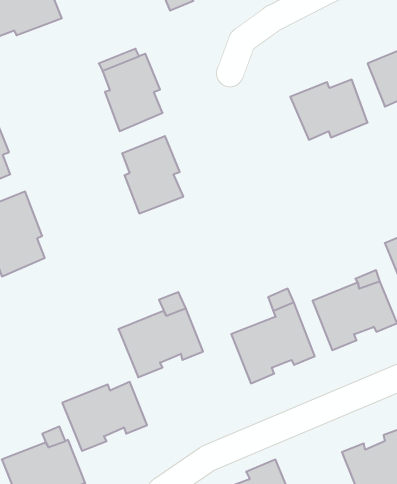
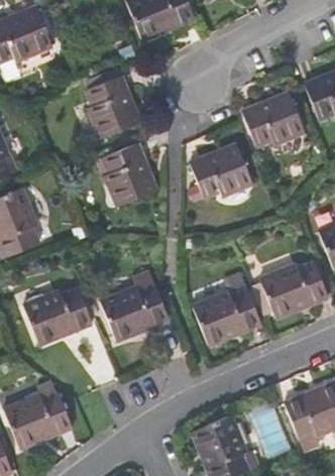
building: none -> [190,148,253,198]
building: [62,382,147,451] -> [23,288,93,345]

